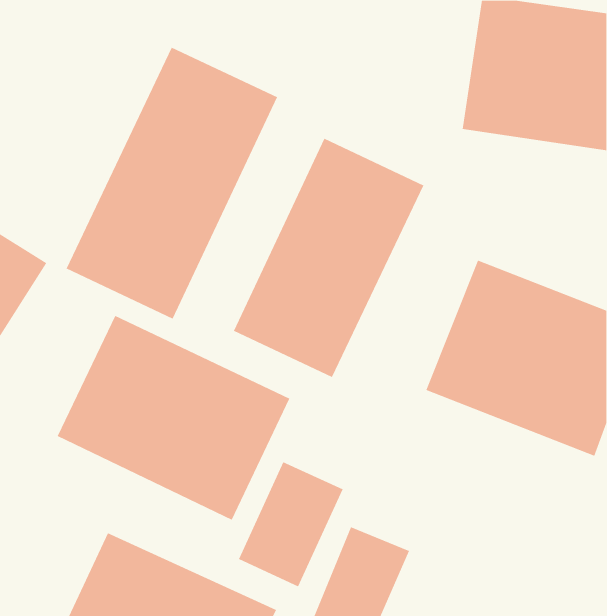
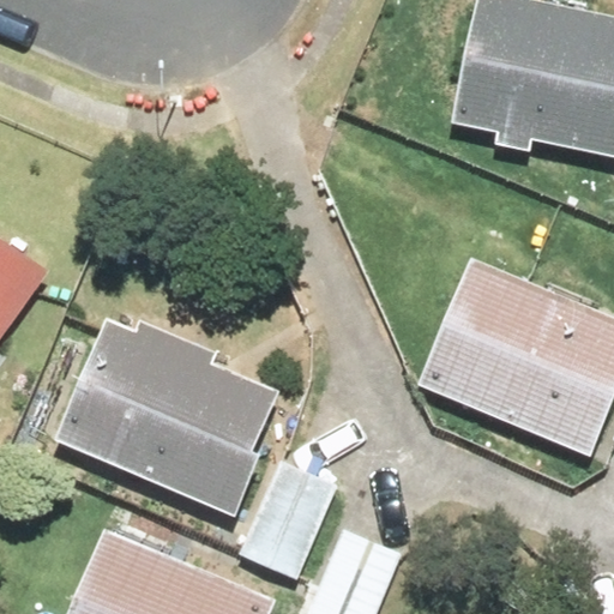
building: [66,47,278,320] -> none
building: [233,138,424,378] -> none

